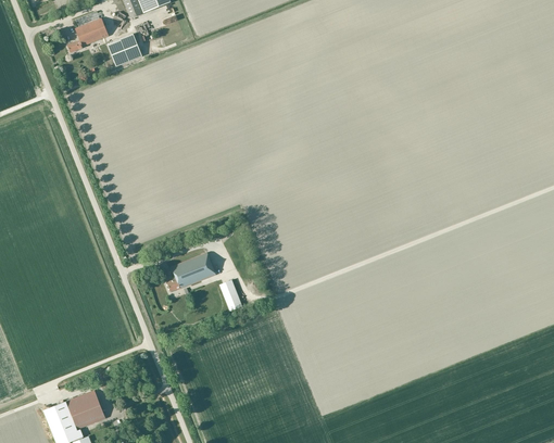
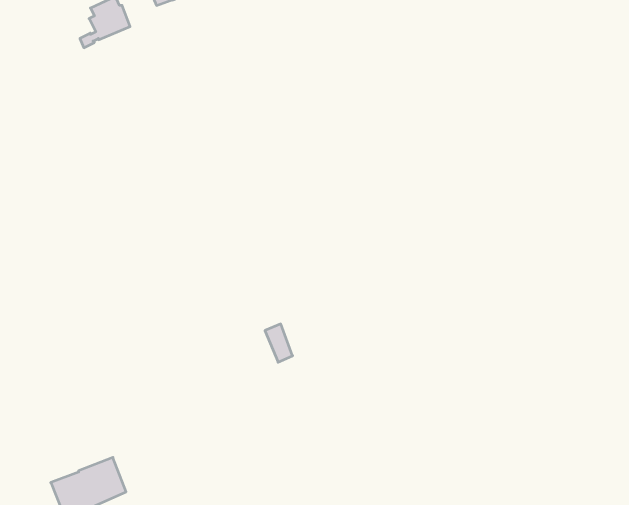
building: [108,34,142,66] -> none
building: [167,253,216,292] -> none

